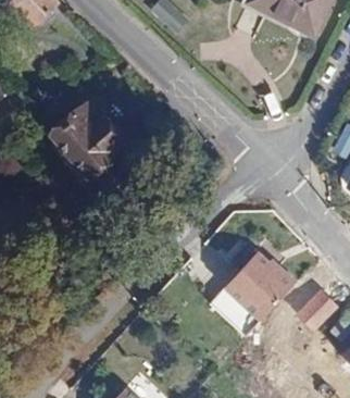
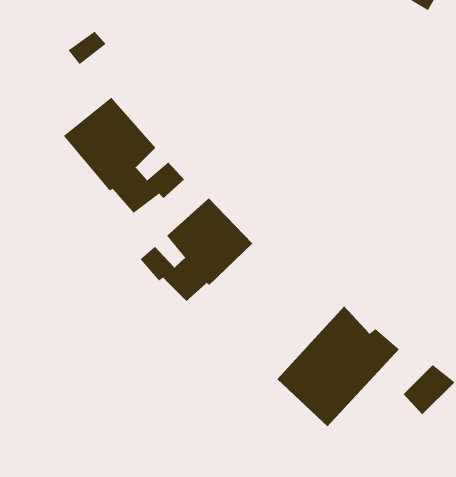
building: none -> [139,197,253,302]

